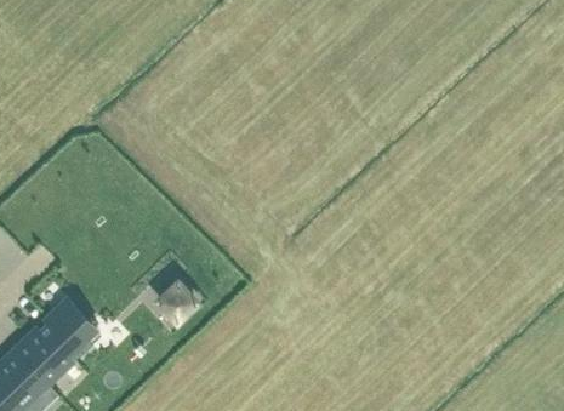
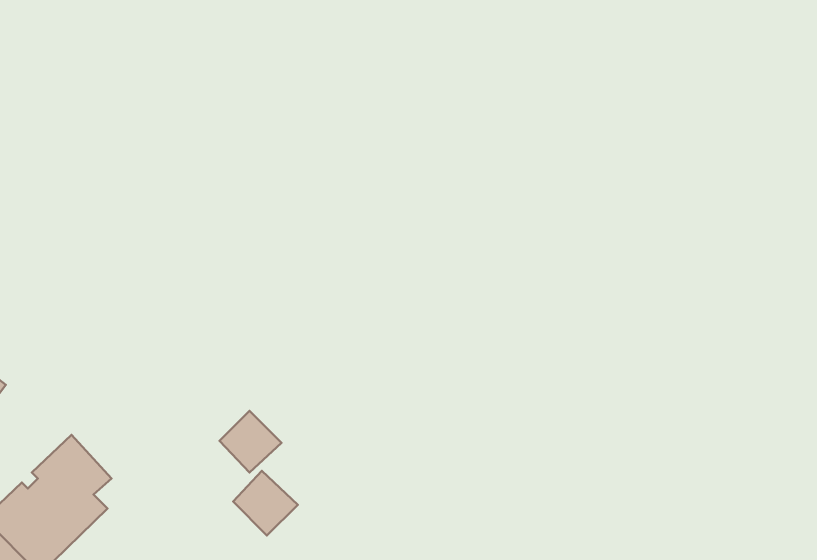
building: none -> [233,471,298,535]

